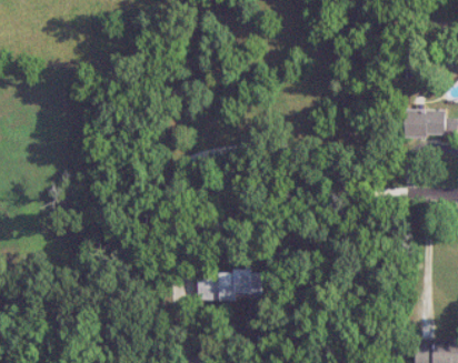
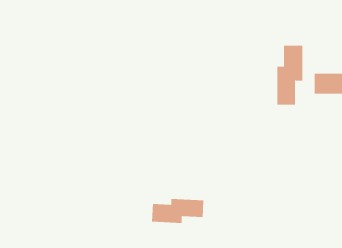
building: none -> [277,45,303,105]

